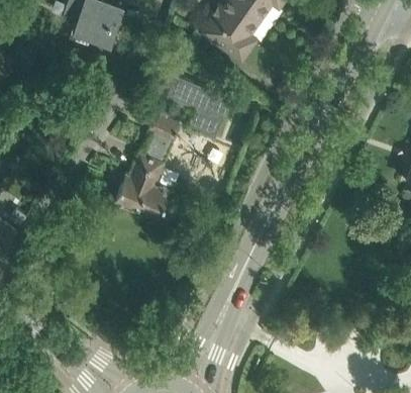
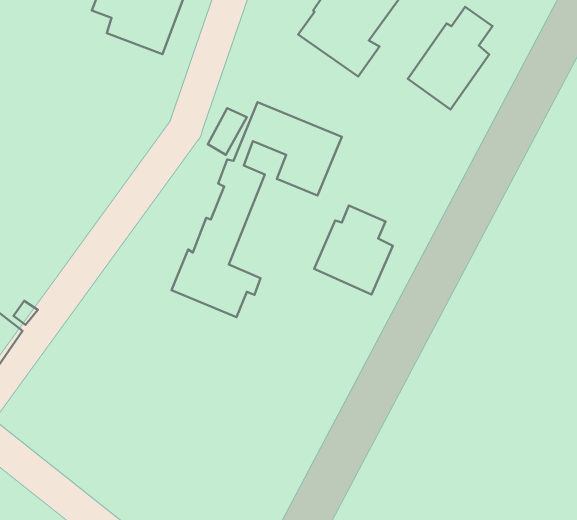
building: none -> [408,7,492,110]
building: none -> [314,206,393,294]

